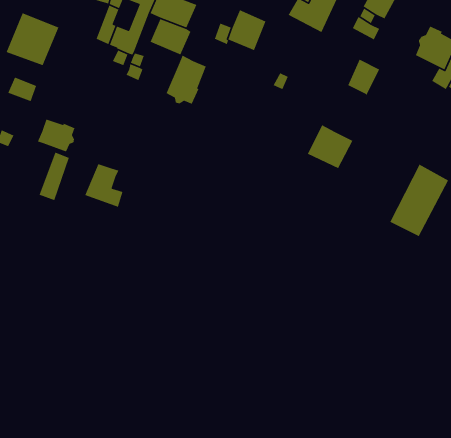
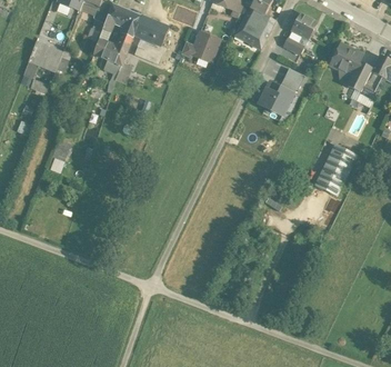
building: [165,55,207,105] -> none
building: [37,119,76,153] -> none
building: [307,124,353,169] -> [259,81,293,115]
building: [84,163,123,208] -> none

